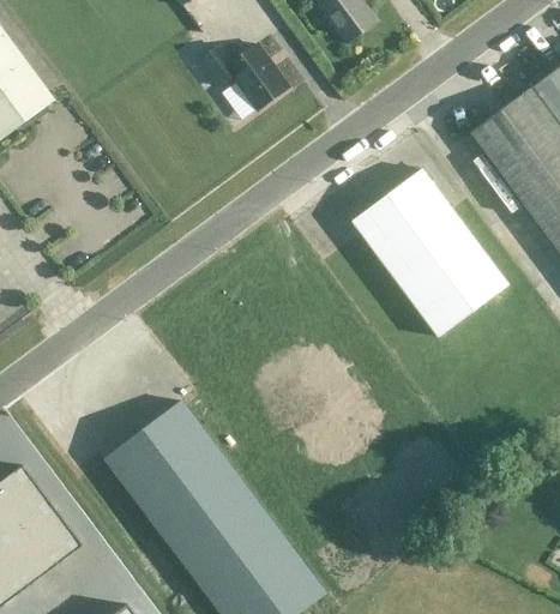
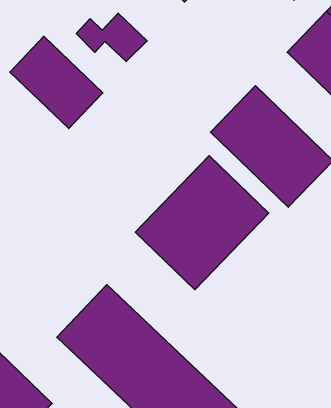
building: none -> [10,36,103,129]
building: none -> [135,156,269,290]

